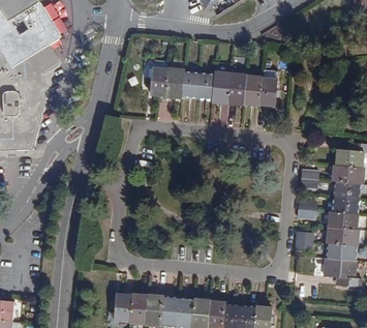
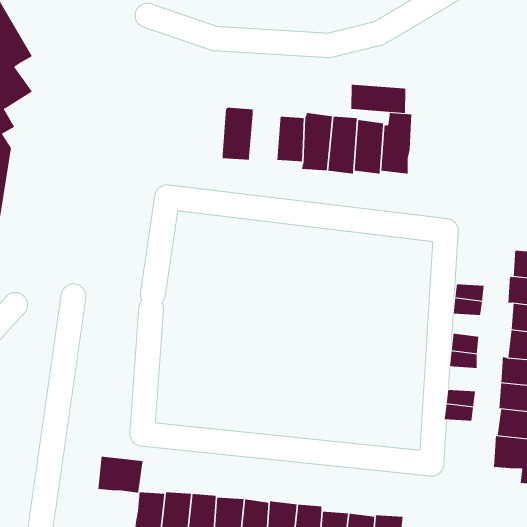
building: none -> [351,84,406,114]
building: [148,66,165,94] -> none
building: [180,70,197,97] -> none
building: none -> [98,456,143,494]

